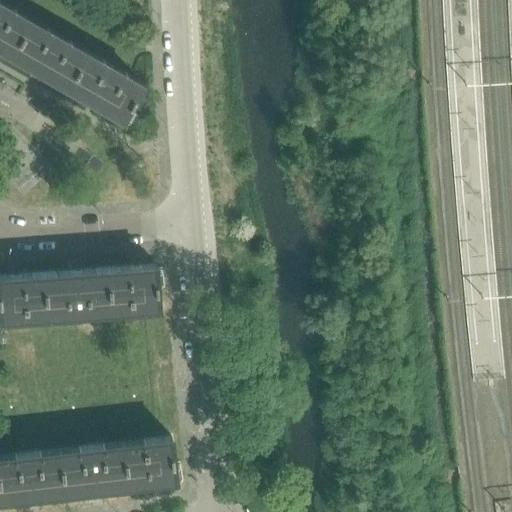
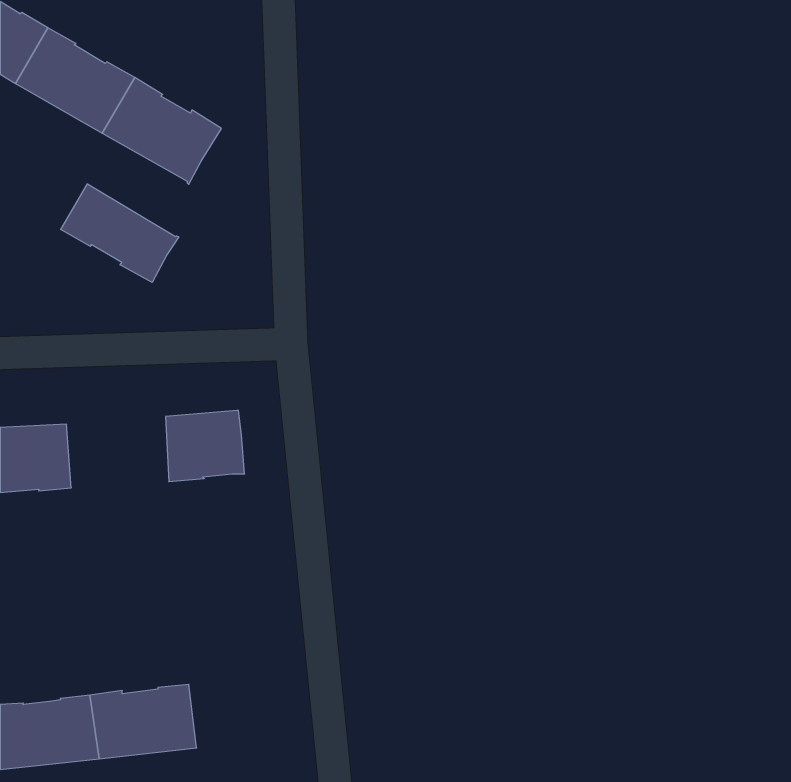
building: none -> [61,184,179,282]
building: [43,275,109,321] -> none
building: [122,443,174,489] -> none

